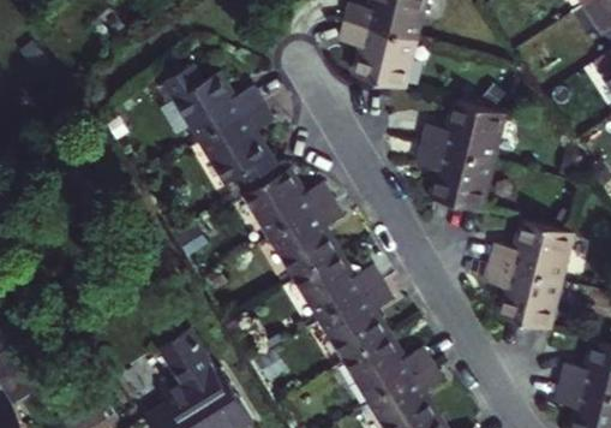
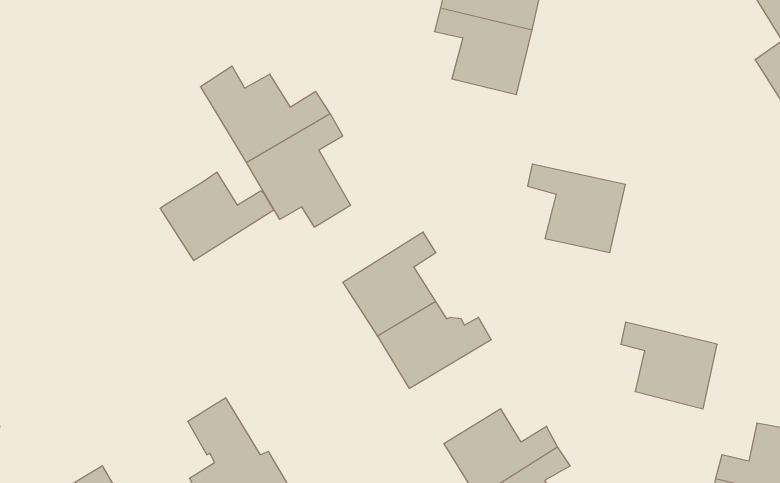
building: [418,105,499,164] -> none
building: [248,171,335,238] -> [160,172,274,260]
building: [489,226,570,285] -> none
building: [324,281,395,361] -> none

